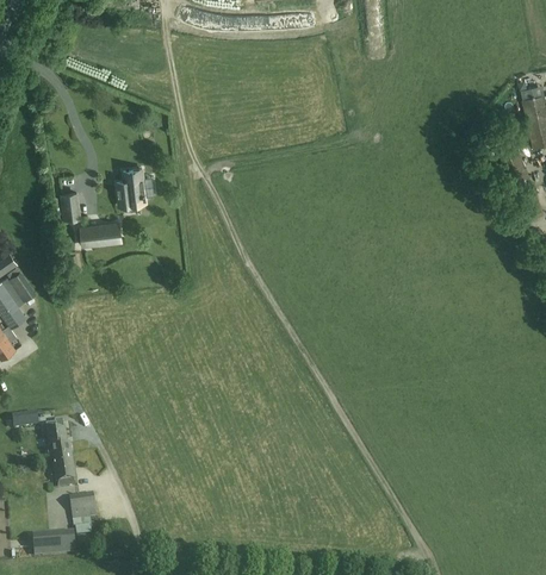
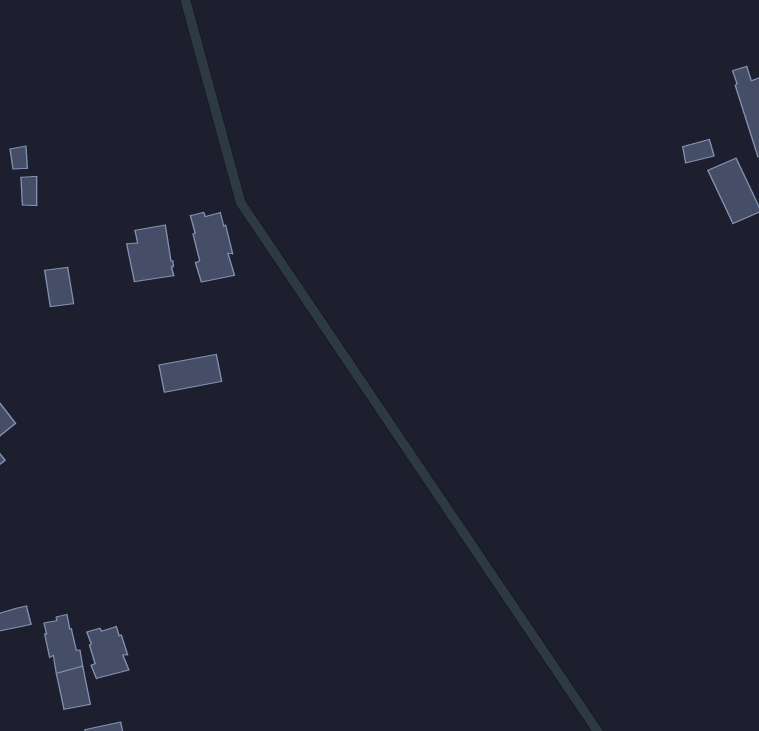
building: none -> [190,212,234,282]
building: [80,224,120,246] -> [159,354,222,392]
building: none -> [87,626,129,679]

